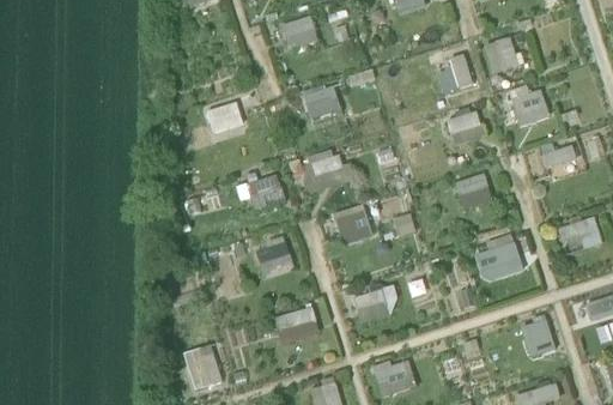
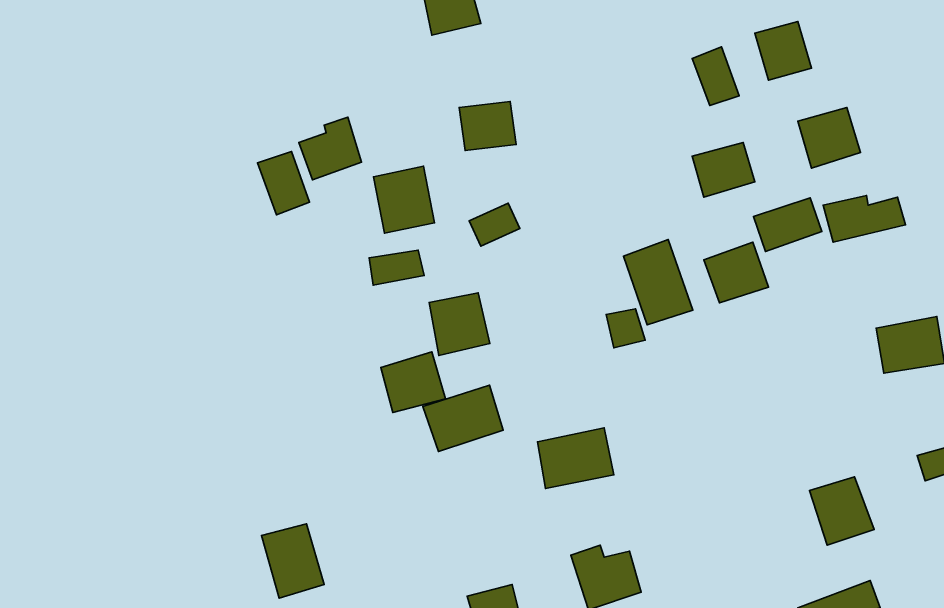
building: none -> [258,152,309,215]
building: none -> [374,166,435,233]
building: none -> [753,198,822,251]
building: none -> [624,240,693,325]
building: [335,207,372,246] -> [429,293,490,355]
building: [475,236,518,280] -> none
building: [271,306,320,346] -> [423,385,503,452]

